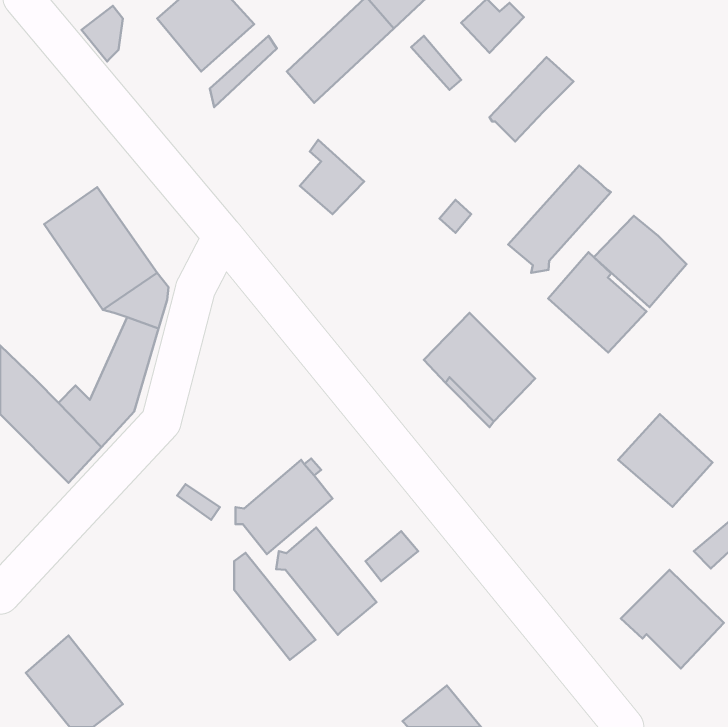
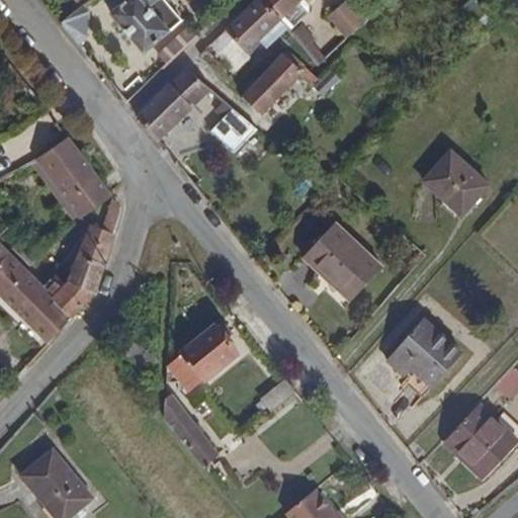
building: [489,57,574,141] -> [243,55,303,114]
building: none -> [137,66,211,139]
building: [508,165,611,273] -> none
building: [548,252,647,353] -> none
building: [618,414,712,507] -> [393,319,459,384]
building: [276,528,376,635] -> none

